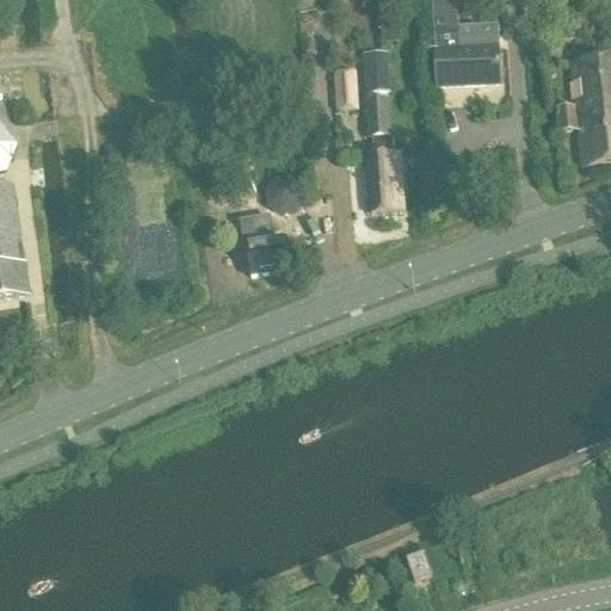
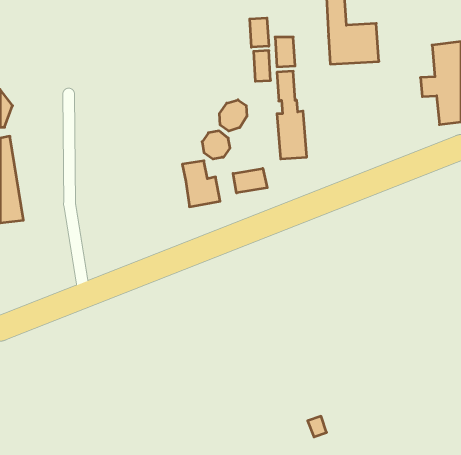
building: none -> [250,18,269,47]
building: none -> [219,100,247,131]
building: none -> [233,168,267,193]

